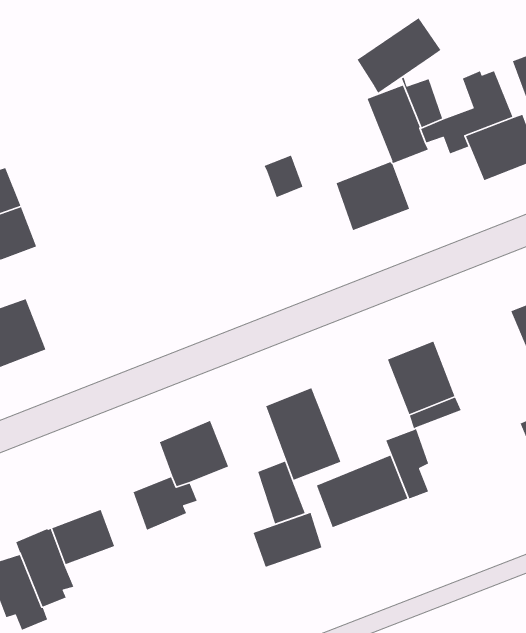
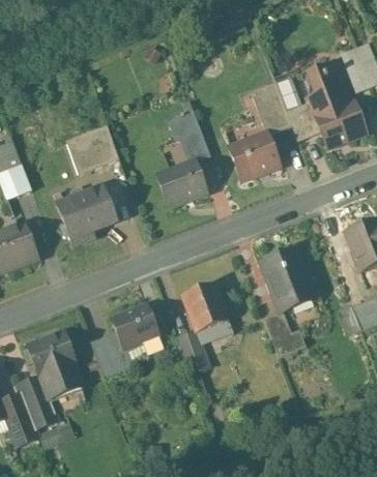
building: [356,17,442,94] -> none
building: none -> [168,109,200,140]
building: none -> [69,126,112,171]
building: none -> [156,160,206,207]
building: none -> [56,185,116,244]
building: [316,455,408,528] -> none
building: none -> [27,331,76,377]
building: [253,512,323,568] -> none

